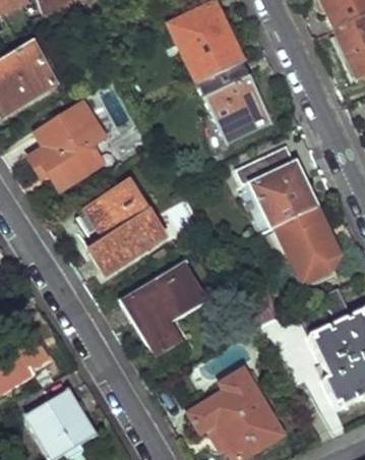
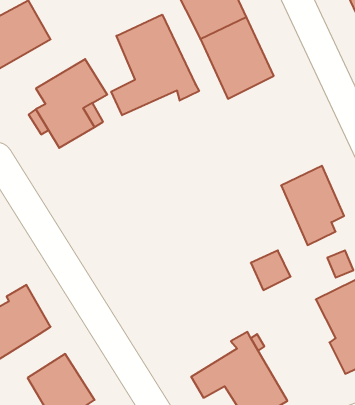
building: none -> [111,15,199,115]
building: [234,142,315,226] -> none
building: [77,183,164,271] -> none
building: [121,261,206,355] -> none

